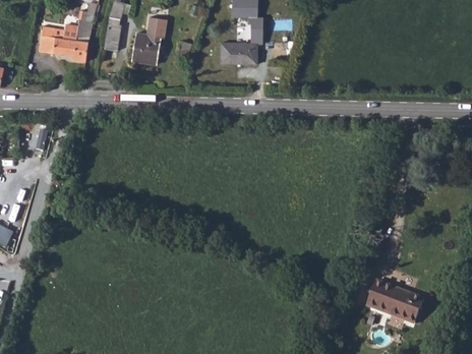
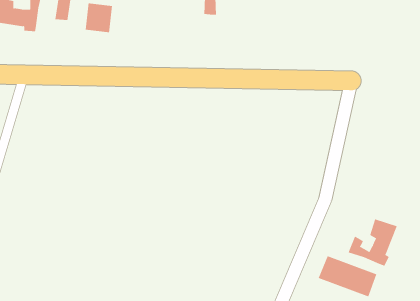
building: [222,44,257,63] -> none
building: none -> [348,218,397,266]

